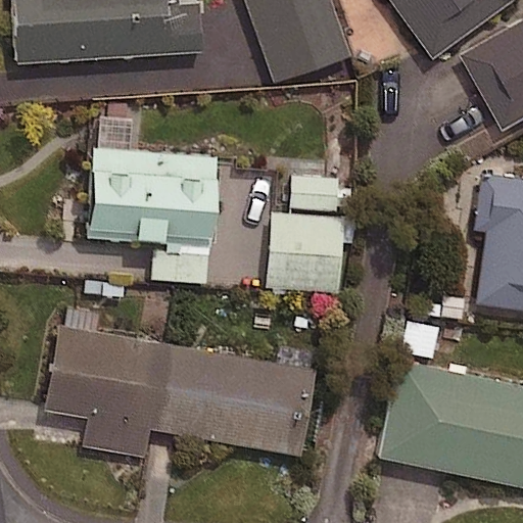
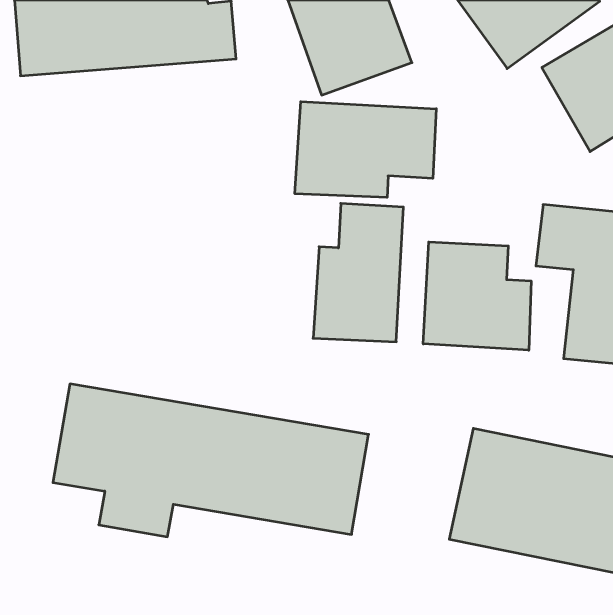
building: none -> [295,102,436,197]
building: [88,147,217,282] -> none
building: none -> [423,242,531,350]

